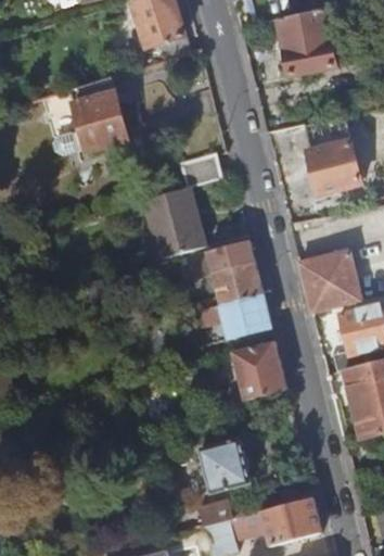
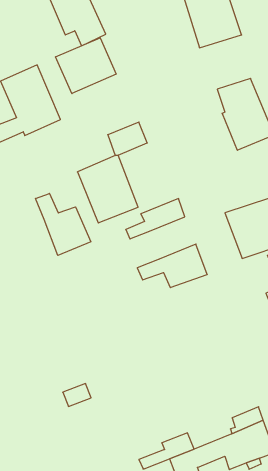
building: none -> [56,38,116,94]
building: none -> [36,193,91,255]
building: [210,262,261,305] -> none
building: [217,340,285,406] -> none
building: [200,439,251,492] -> none

